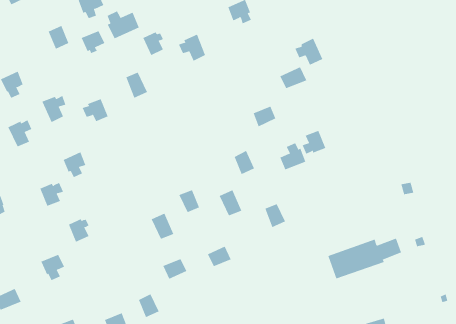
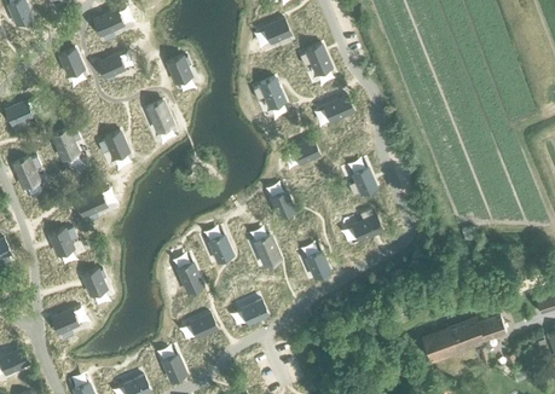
building: [107,11,140,39] -> none
building: [178,34,206,61] -> [253,76,284,108]
building: [294,38,323,66] -> [299,42,331,74]
building: [280,143,306,170] -> [352,208,382,239]
building: [327,238,402,279] -> [421,314,505,361]

